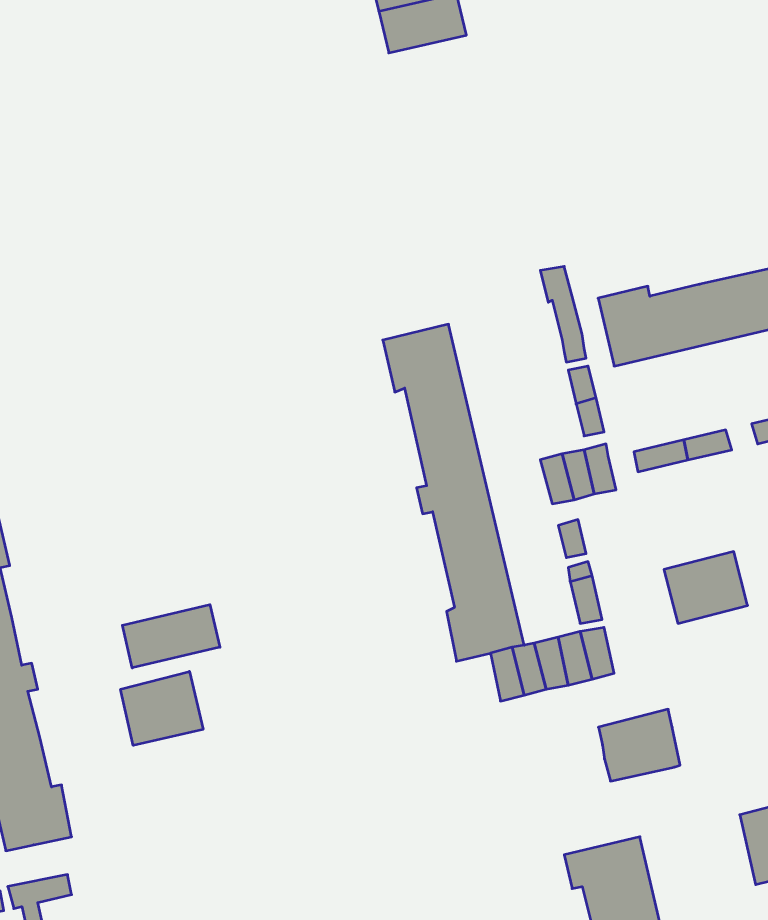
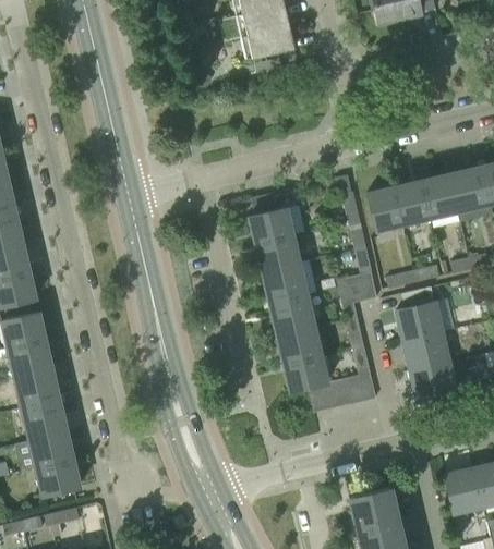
building: none -> [397,301,442,341]
building: [122,605,220,668] -> none
building: [121,671,203,745] -> none
building: [598,709,680,781] -> [411,361,456,400]

